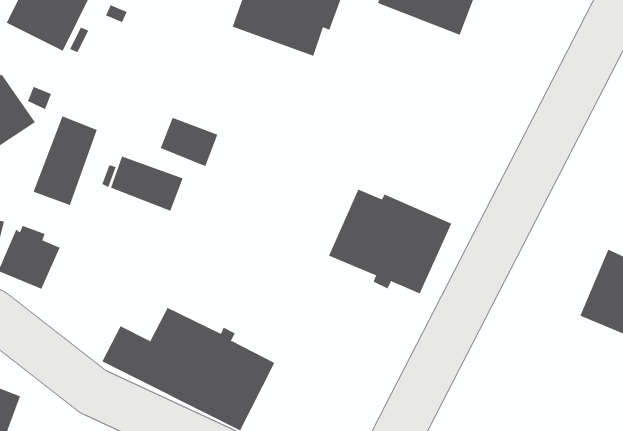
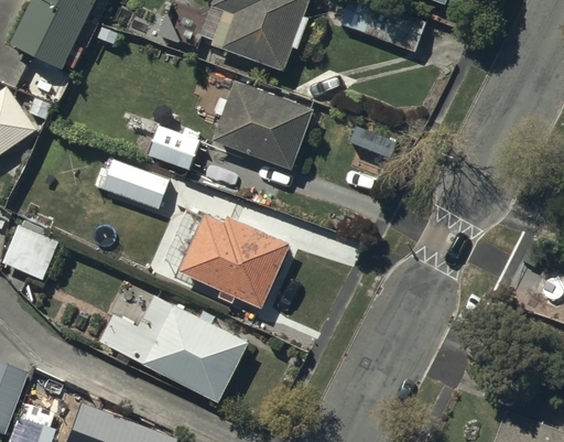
building: none -> [213,82,314,170]
building: [33,116,97,206] -> none
building: [328,189,452,294] -> [180,214,290,308]

